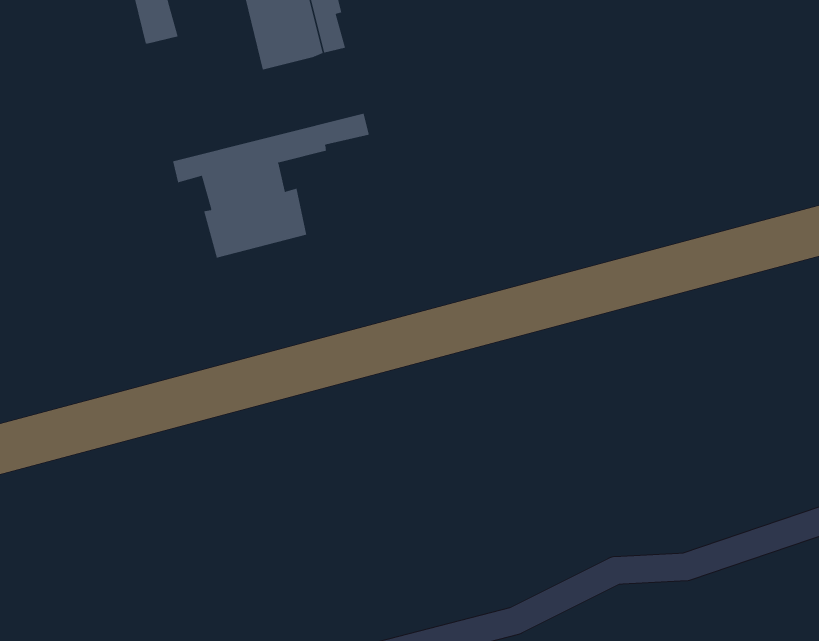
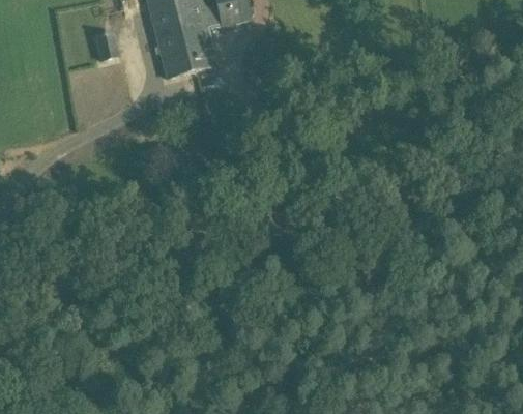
building: [172,113,369,259] -> none

